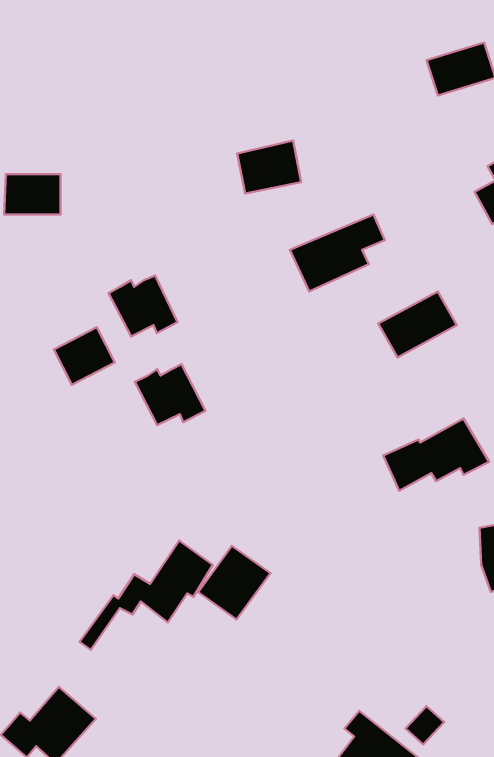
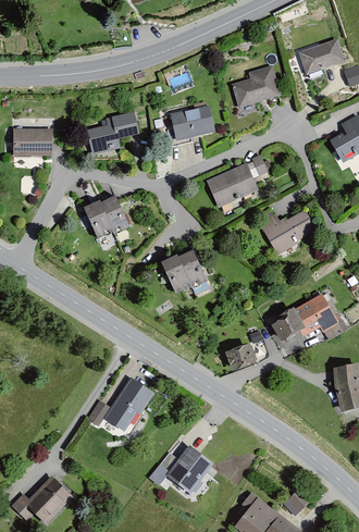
building: none -> [232,66,281,109]
building: none -> [88,112,138,153]
building: [54,327,115,385] -> none
building: [135,364,205,425] -> [160,251,208,293]
building: none -> [224,344,258,372]
building: [198,546,270,620] -> [164,446,213,496]

